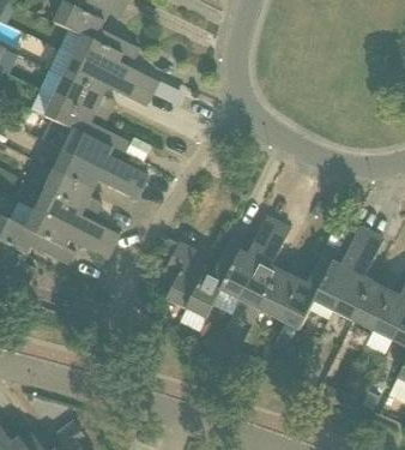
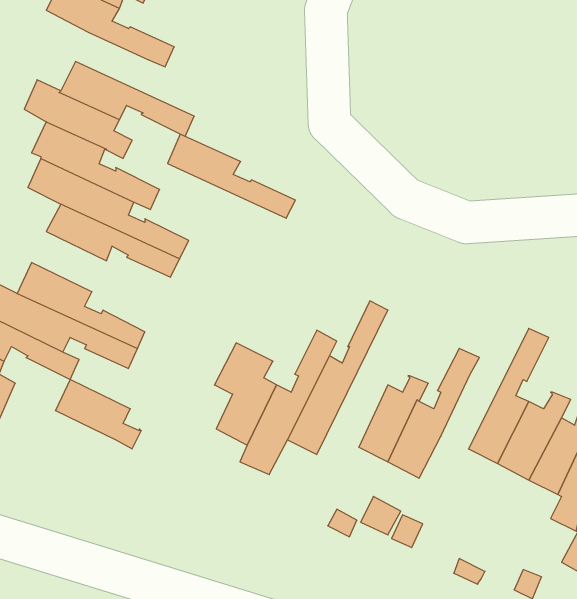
building: [73,36,157,91] -> [168,134,295,218]
building: [44,167,101,212] -> [55,380,141,449]
building: [231,218,290,324] -> none
building: [313,224,370,310] -> none

